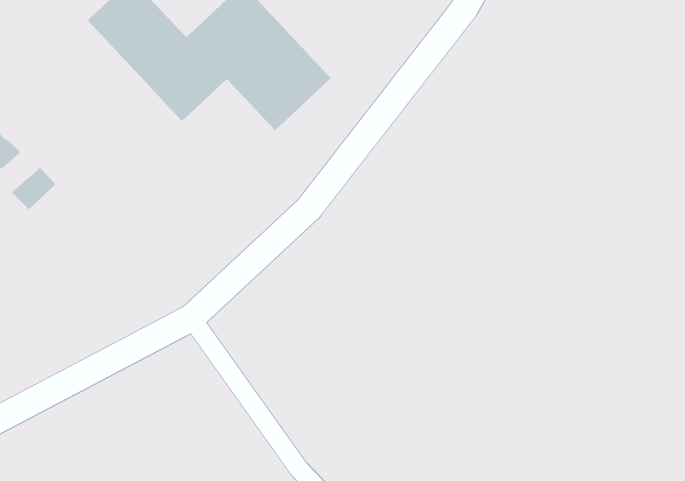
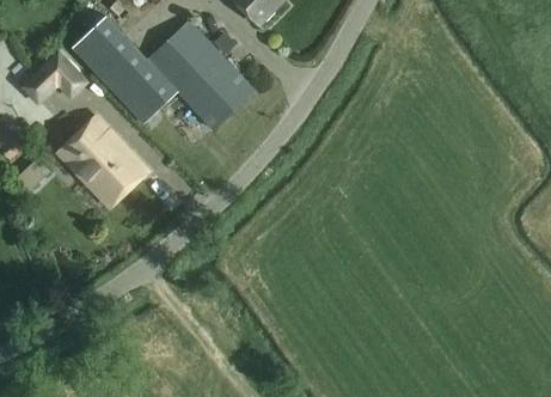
building: none -> [23,53,86,103]
building: none -> [57,116,148,208]

